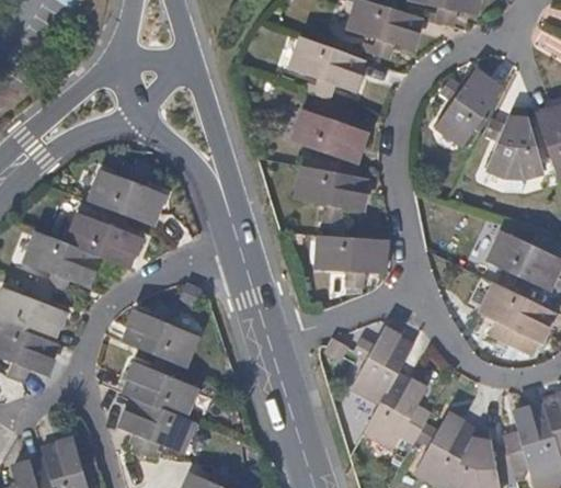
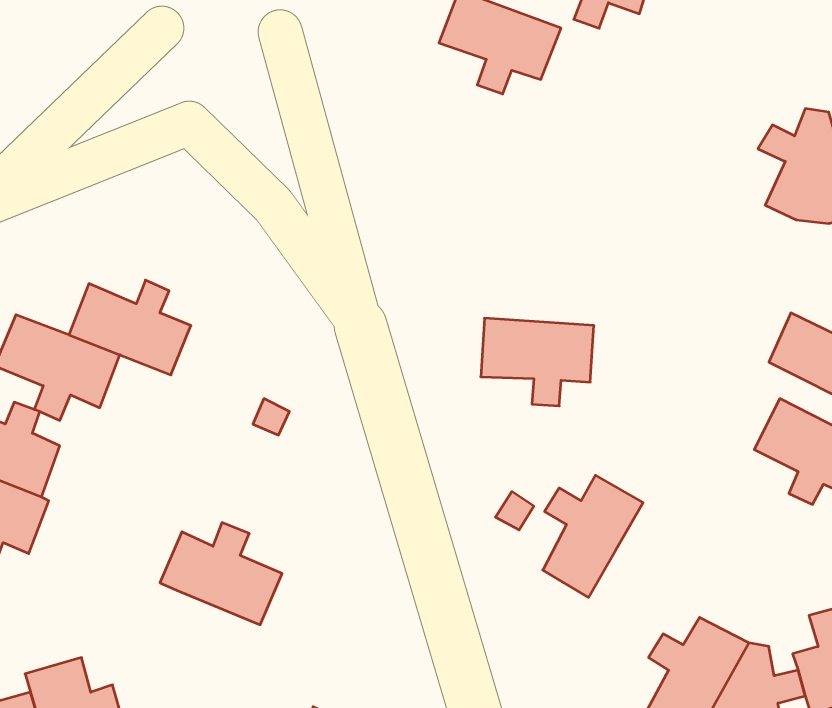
building: [434,71,501,146] -> none
building: [294,105,367,162] -> none
building: [297,167,367,223] -> none
building: [90,169,163,227] -> none
building: [121,303,195,367] -> none
building: [364,374,430,449] -> none
building: [119,398,193,457] -> none

